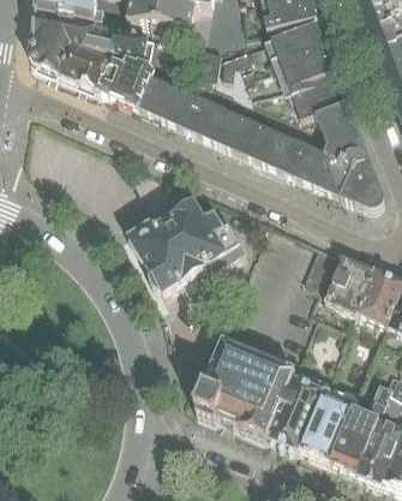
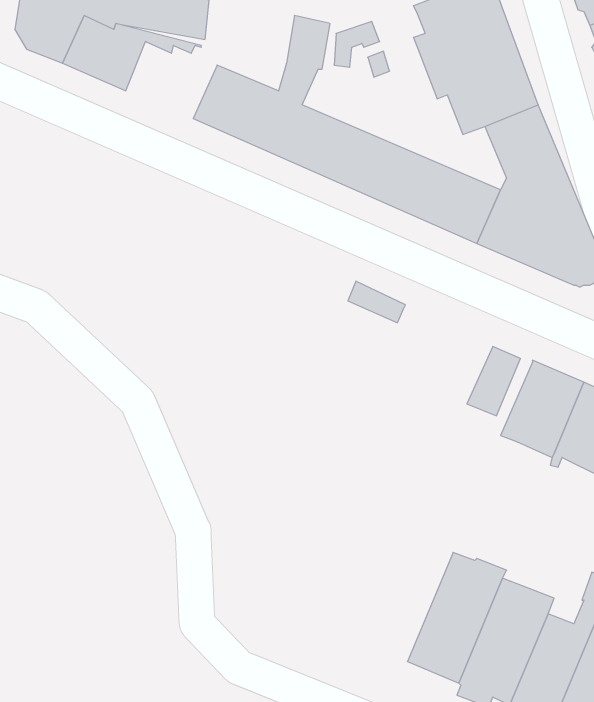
building: [96,59,154,106] -> none
building: [127,203,245,292] -> none
building: [194,334,295,436] -> none

